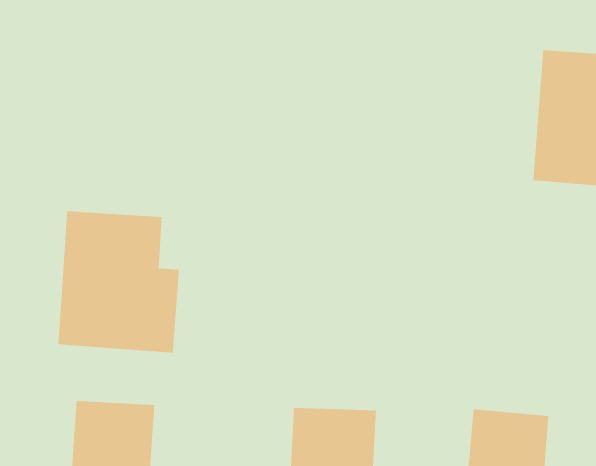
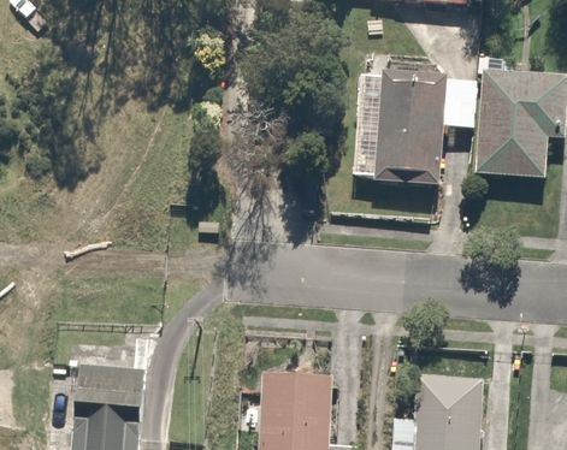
building: none -> [371,71,448,188]
building: [58,211,179,353] -> none

